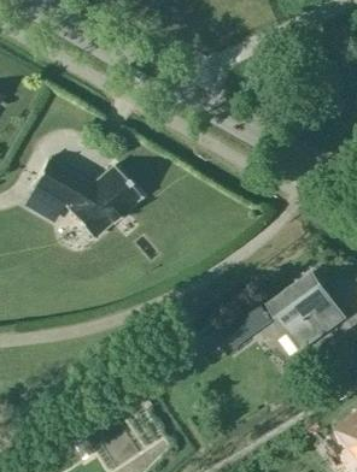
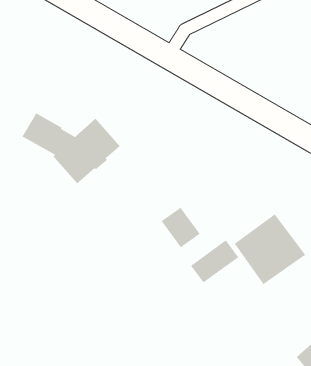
building: none -> [161,207,200,248]

